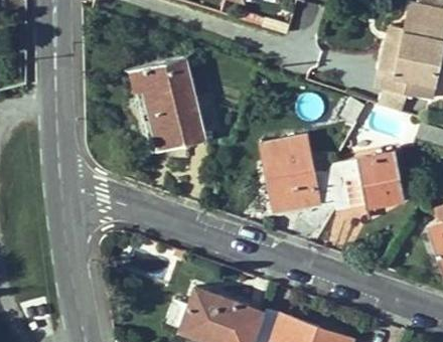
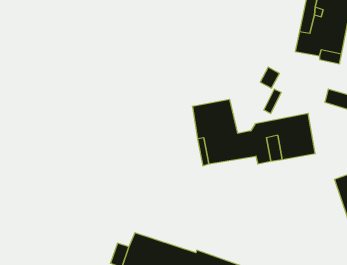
building: [130,57,205,150] -> none

